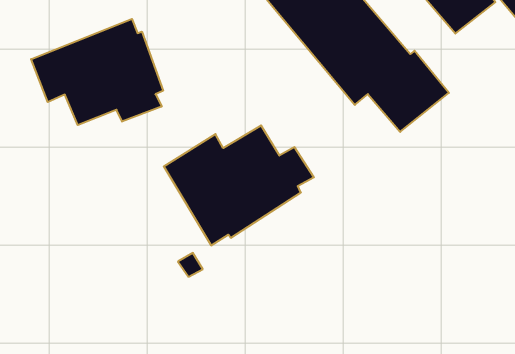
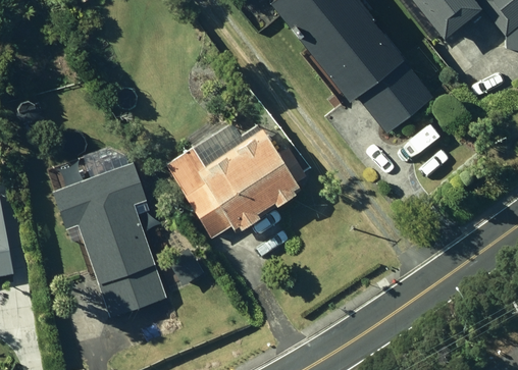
building: [31,19,163,125] -> none
building: none -> [51,161,169,316]

